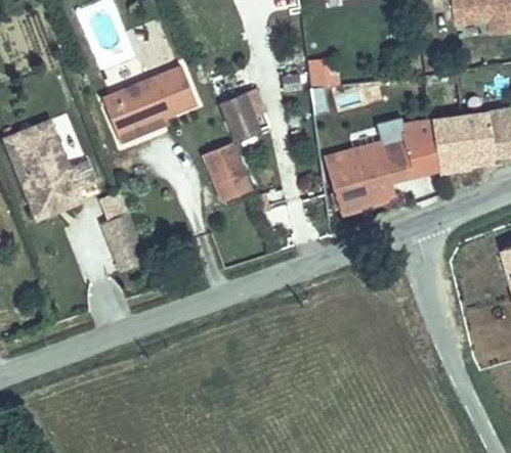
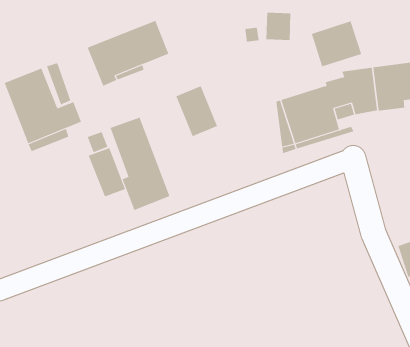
building: none -> [311,21,362,67]
building: [220,93,260,140] -> none
building: none -> [110,117,170,211]

